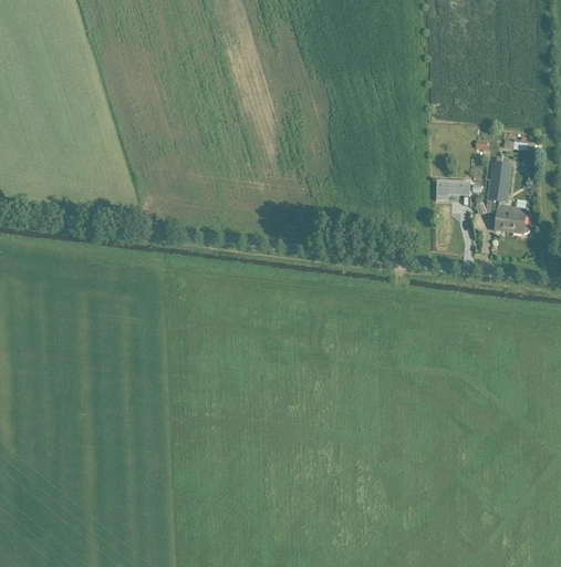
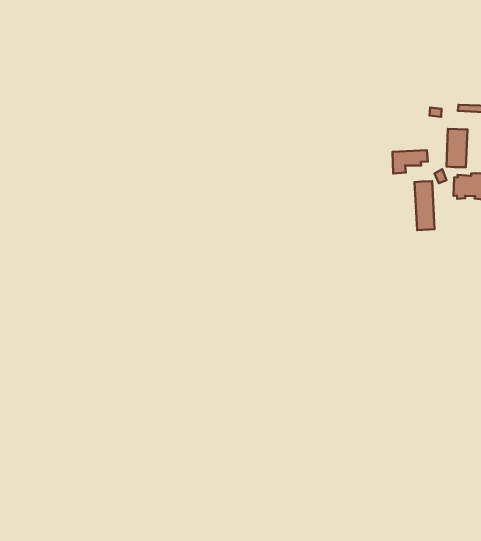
building: none -> [415,181,435,230]

